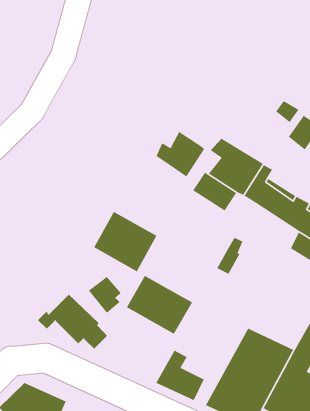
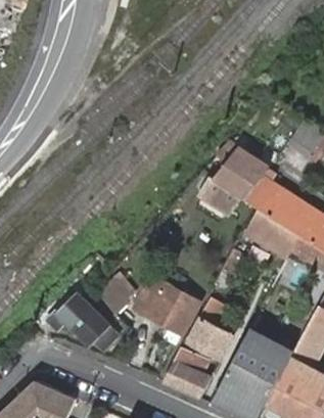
building: [155,131,205,178] -> none
building: none -> [244,206,300,258]
building: [93,211,158,272] -> none
building: none -> [189,318,232,355]

